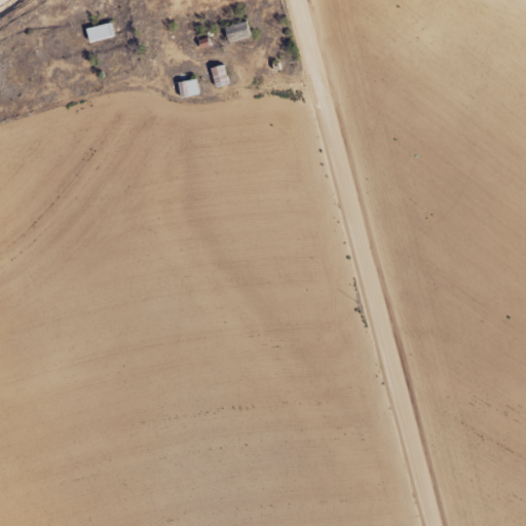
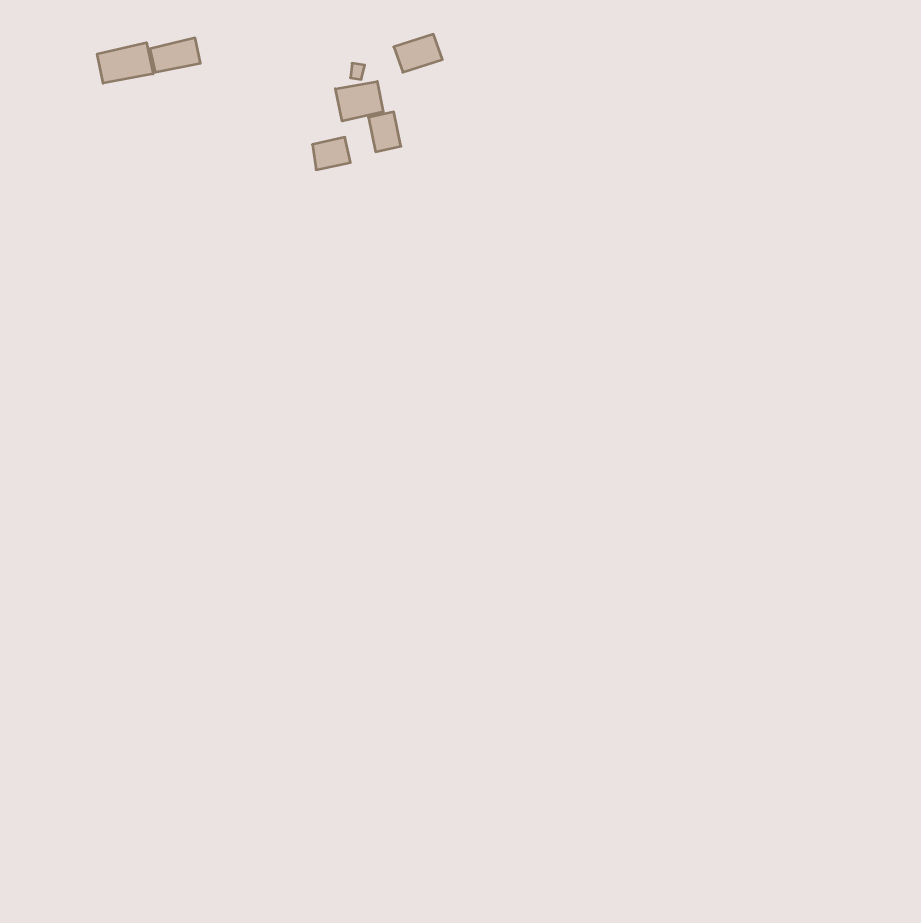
building: none -> [97,43,153,83]
building: none -> [335,81,383,121]

